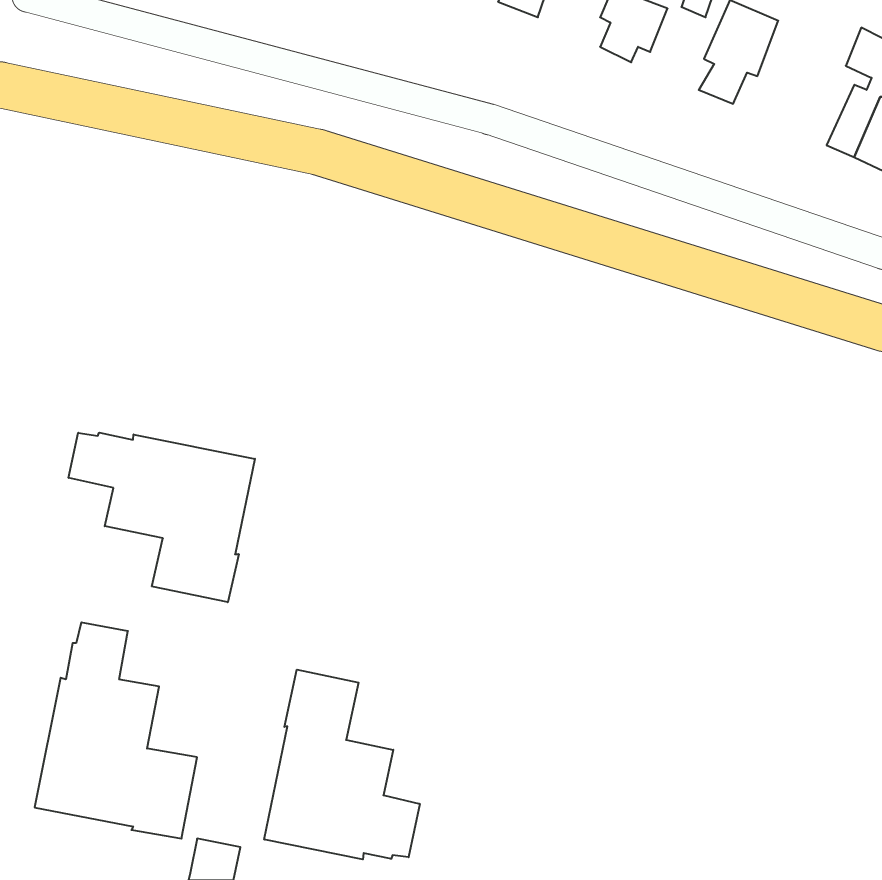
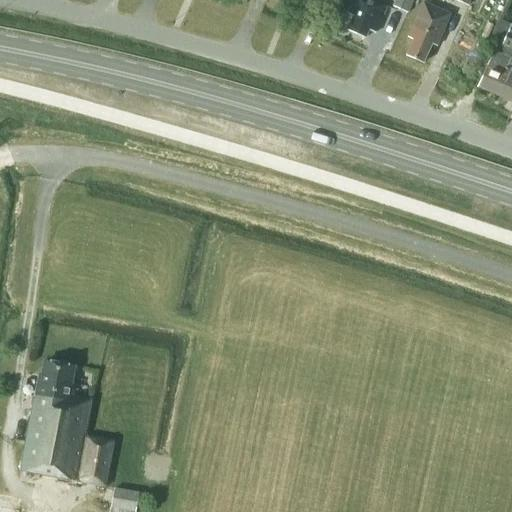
building: [69,433,255,602] -> none
building: [264,670,420,859] -> none

